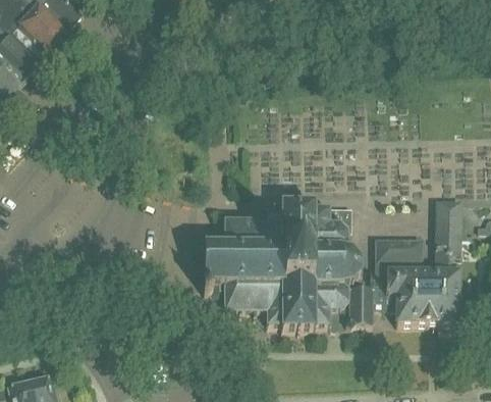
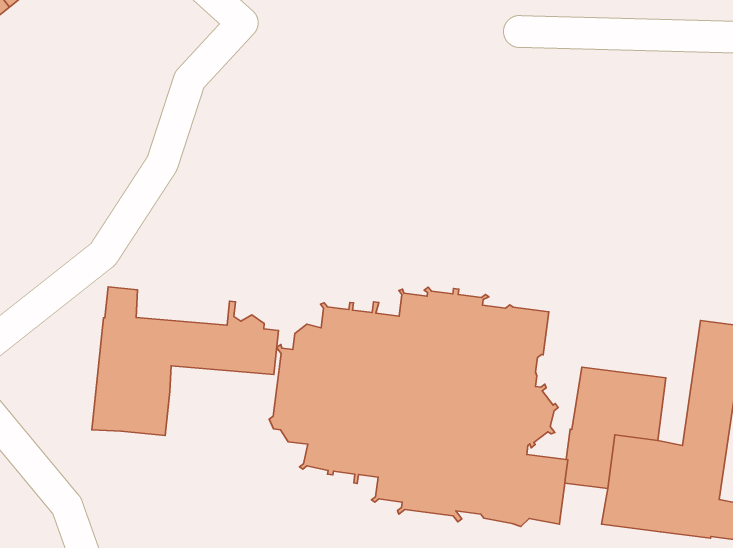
building: none -> [92,287,278,436]

